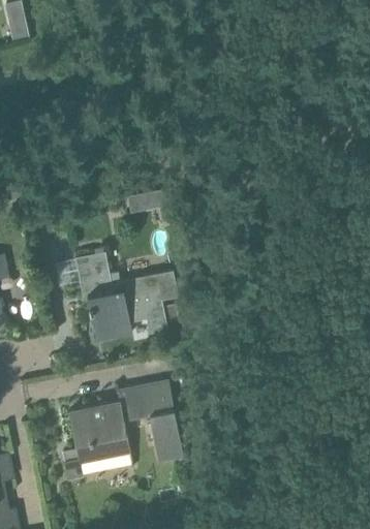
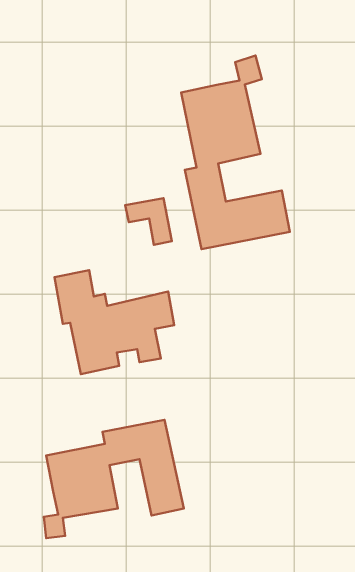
building: none -> [181,55,290,249]

